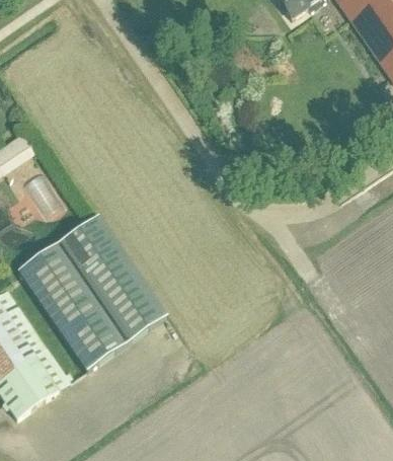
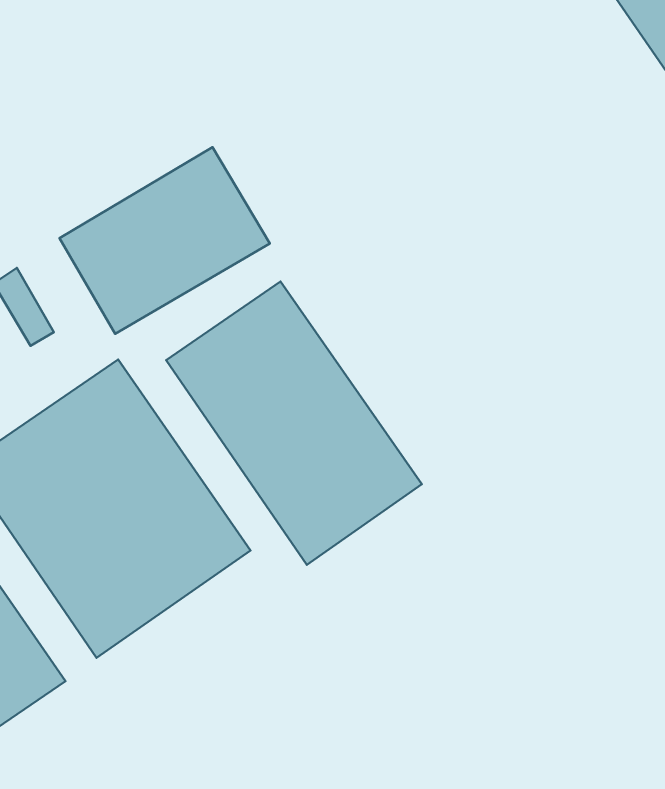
building: none -> [59,147,270,334]
building: none -> [166,282,422,565]

